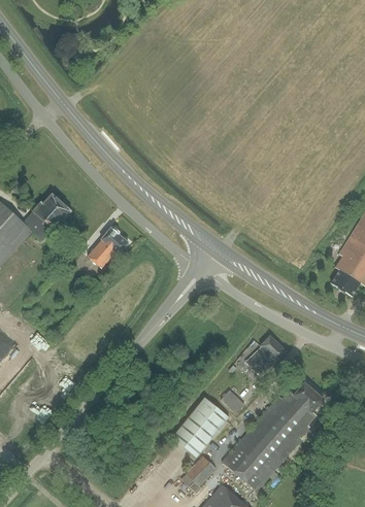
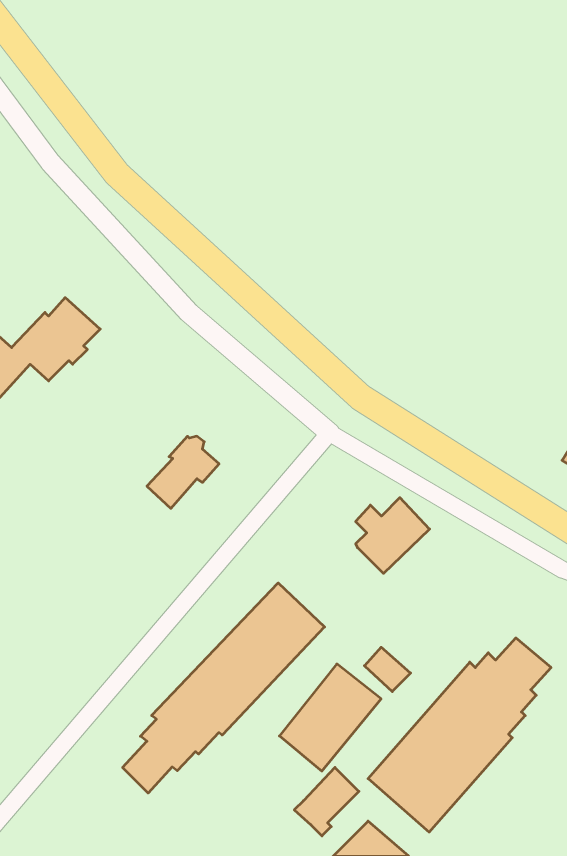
building: [88,228,128,268] -> [147,436,219,508]
building: [245,335,287,377] -> [356,498,430,573]
building: none -> [123,583,325,793]

